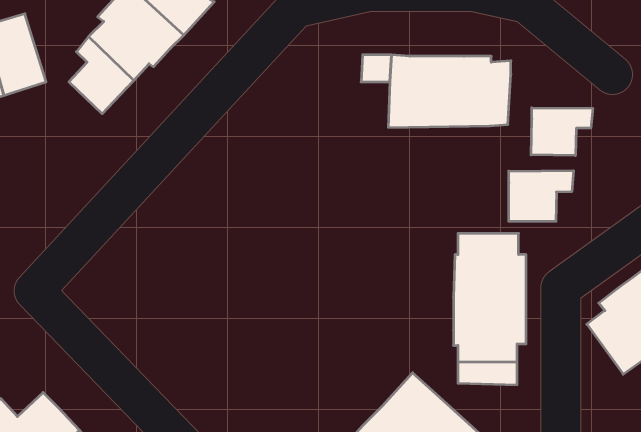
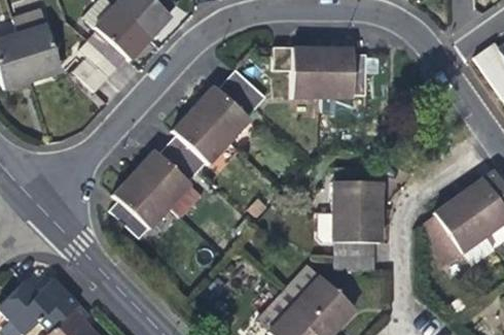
building: none -> [108,62,265,234]
building: [531,108,593,156] -> none
building: [509,171,573,221] -> none

